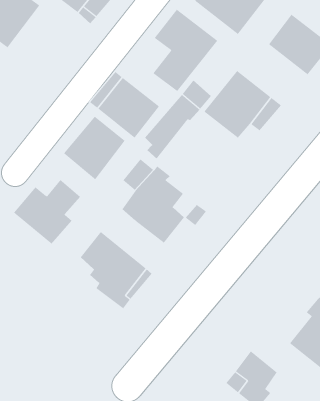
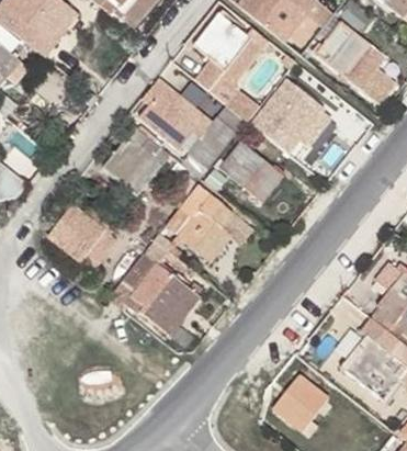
building: none -> [218,140,283,201]

